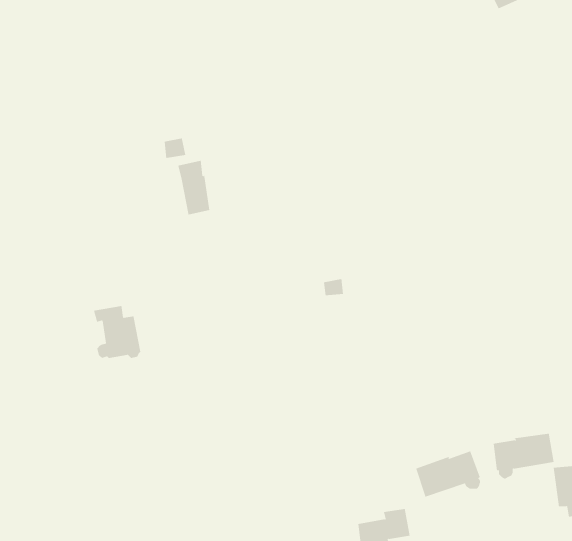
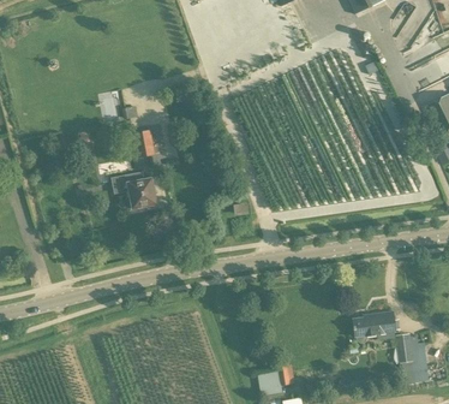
building: [93,305,141,359] -> [124,171,157,208]
building: [416,451,481,498] -> none

